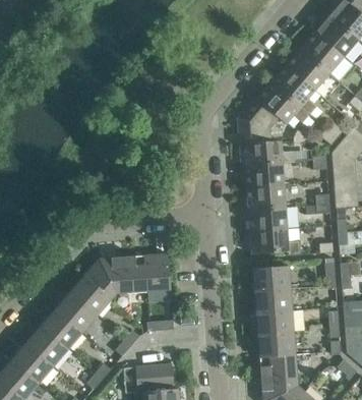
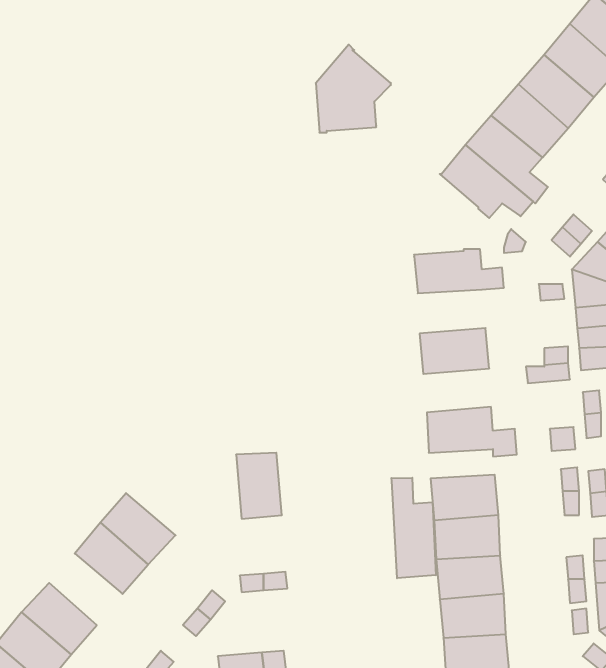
building: [238,97,280,146] -> [316,45,391,133]
building: [246,164,284,188] -> none
building: [249,208,287,232] -> none
building: [84,255,148,300] -> none
building: none -> [391,478,436,578]
building: [42,310,82,350] -> none

